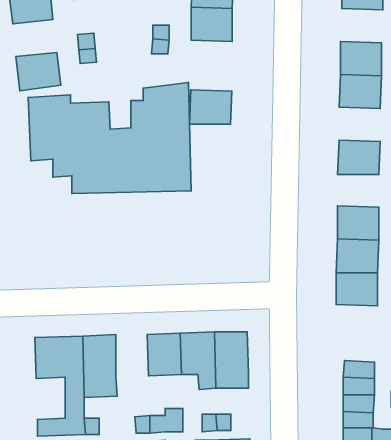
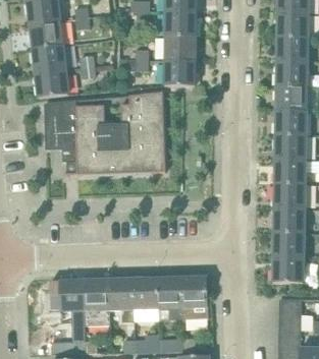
building: none -> [276,36,308,61]
building: none -> [33,44,65,71]
building: [189,90,232,124] -> [164,59,196,84]
building: none -> [275,109,306,134]
building: none -> [274,159,305,183]
building: none -> [272,255,304,282]
building: none -> [109,278,135,320]

